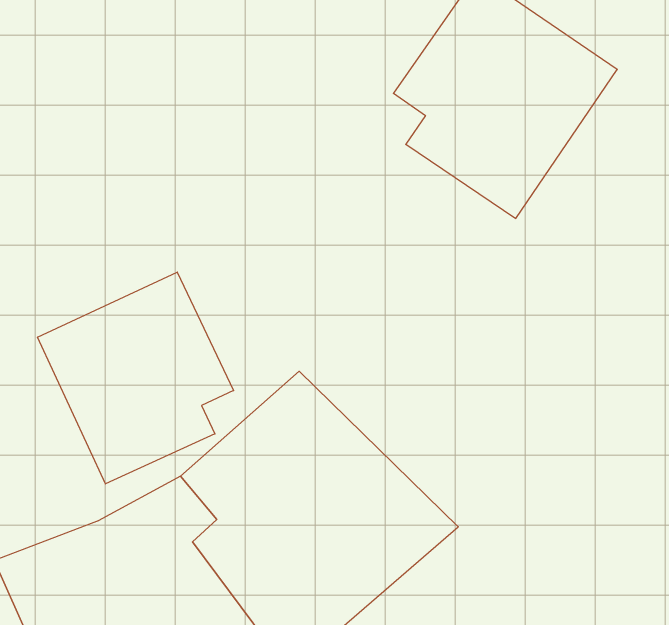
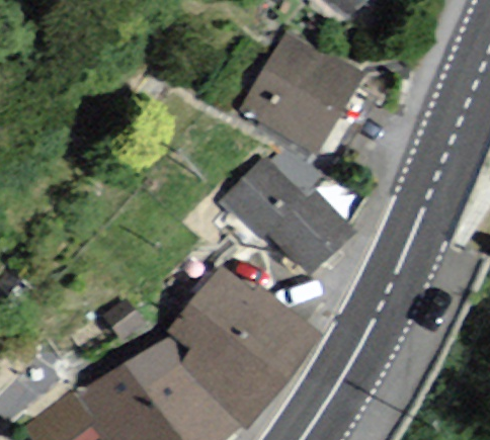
building: none -> [220,157,358,278]
building: [38,272,234,484] -> none

